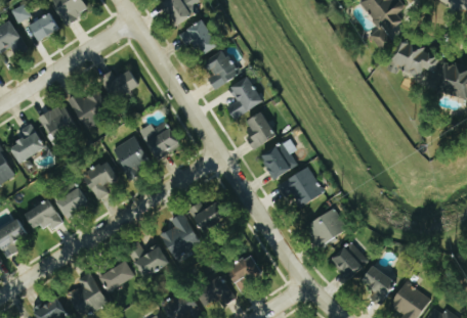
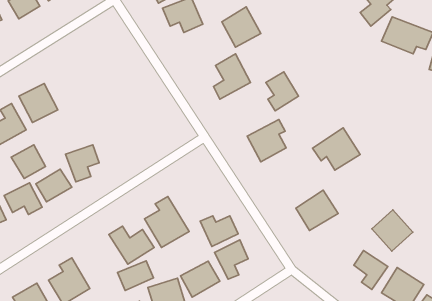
building: [201,48,239,87] -> [222,7,261,47]
building: [98,69,138,100] -> none
building: [67,89,108,124] -> none
building: [244,111,275,149] -> [266,72,299,111]
building: [139,121,179,158] -> none
building: [114,136,147,178] -> none
building: none -> [11,145,46,179]
building: [278,166,324,207] -> [313,128,360,170]
building: [188,201,225,231] -> [200,216,238,246]
building: [330,240,370,280] -> [372,210,413,251]
building: [99,262,134,290] -> [118,261,154,291]

